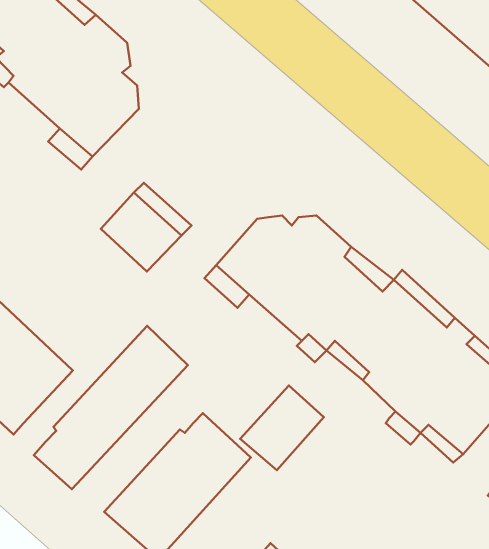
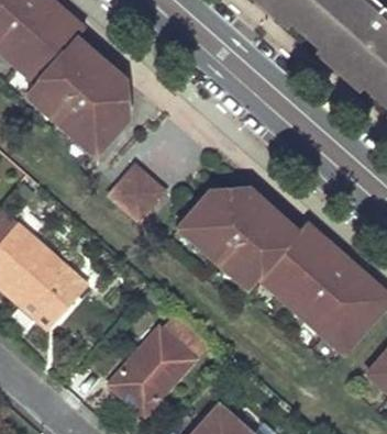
building: [34,326,188,489] -> none
building: [240,386,324,470] -> none

